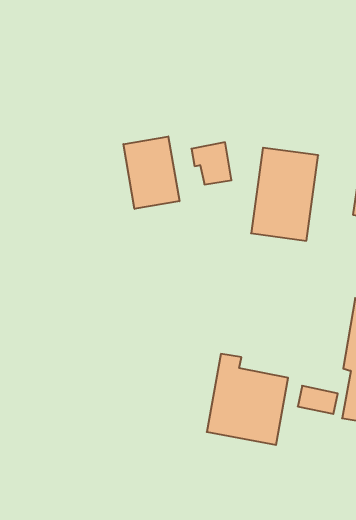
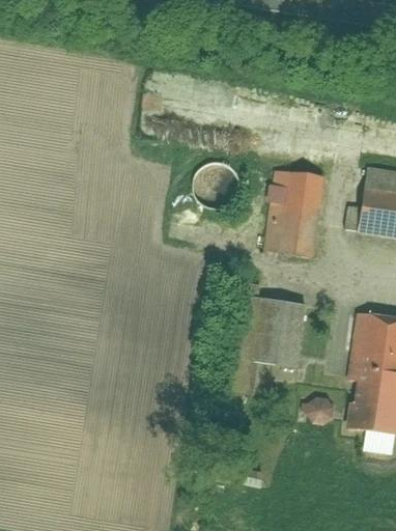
building: [123,136,179,209] -> none
building: [207,354,288,445] -> [228,281,306,368]

